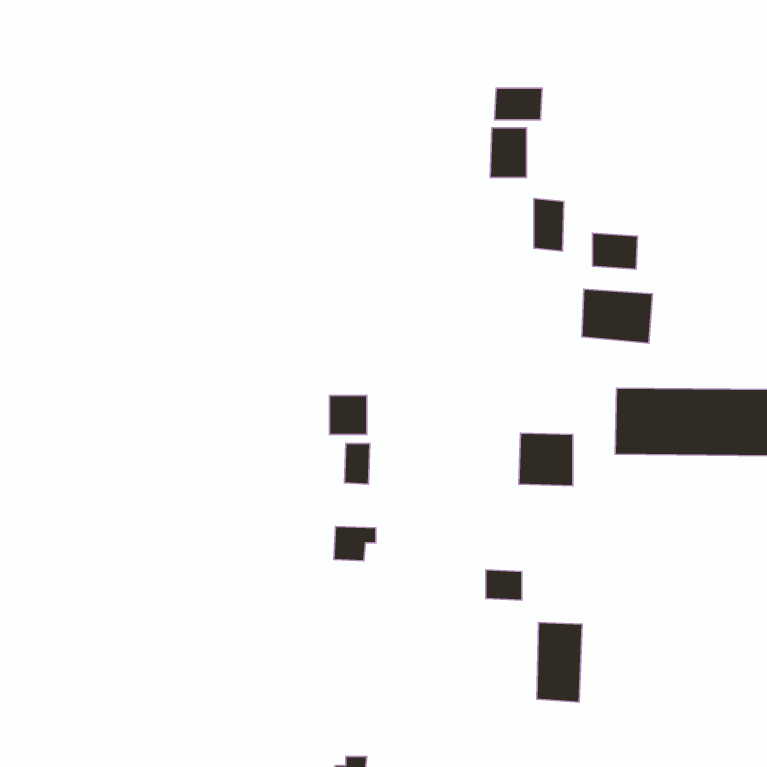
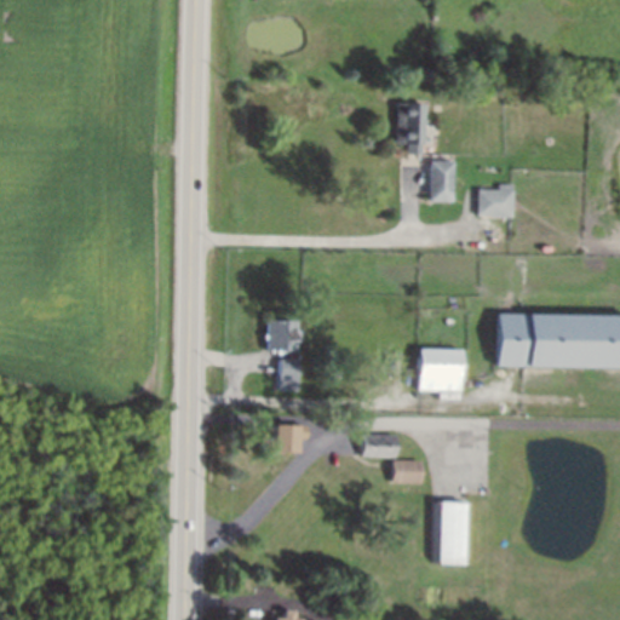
building: [495,88,542,120] -> none
building: [582,289,652,343] -> none
building: none -> [362,434,396,458]

